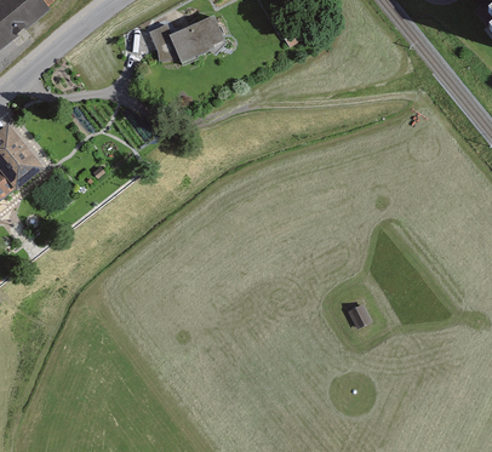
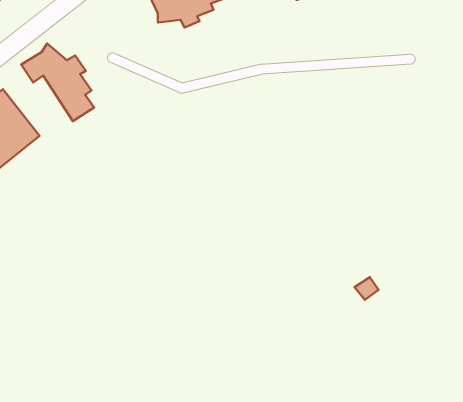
building: none -> [21,44,94,121]

